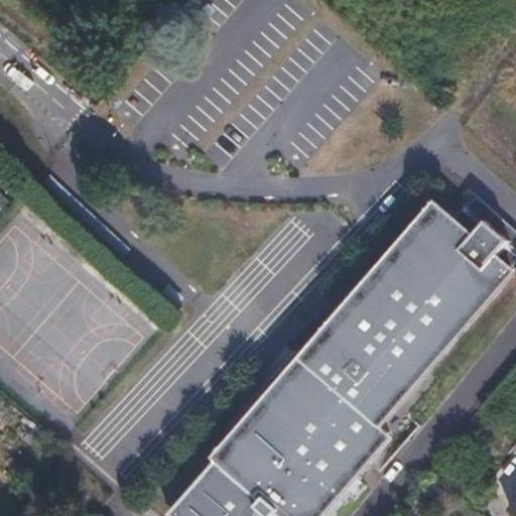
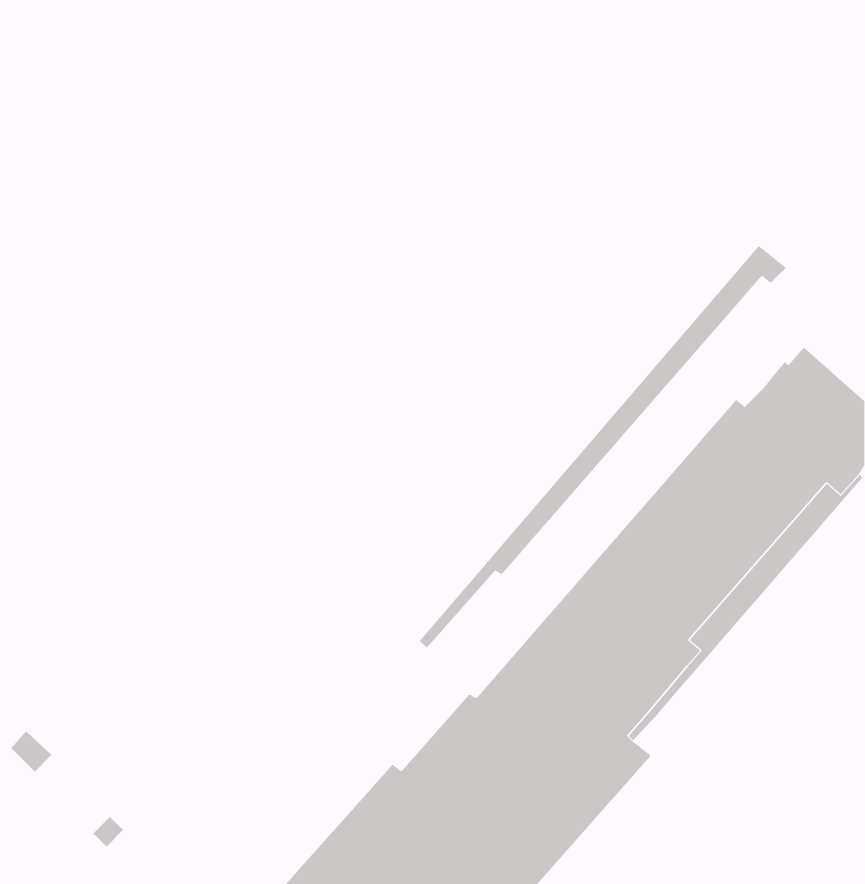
building: [227,217,439,449] -> [419,245,787,648]

